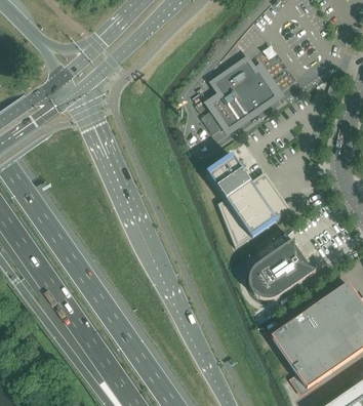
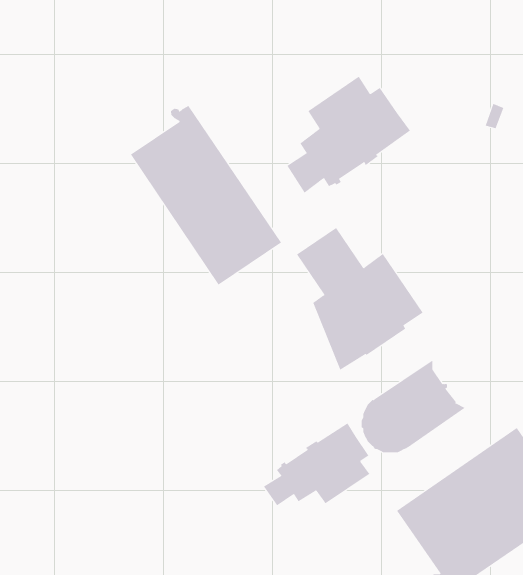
building: none -> [130,105,282,286]
building: none -> [263,422,370,506]

